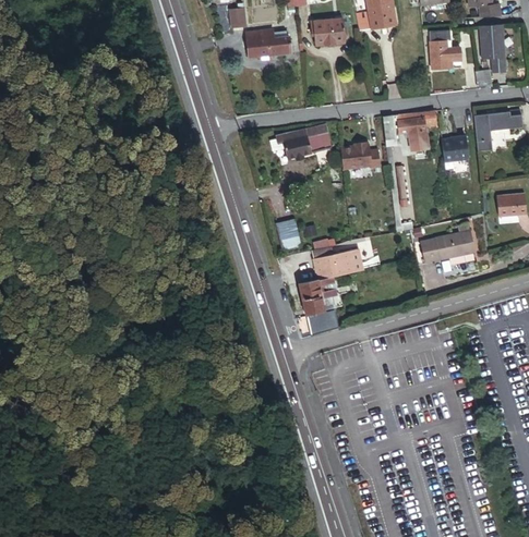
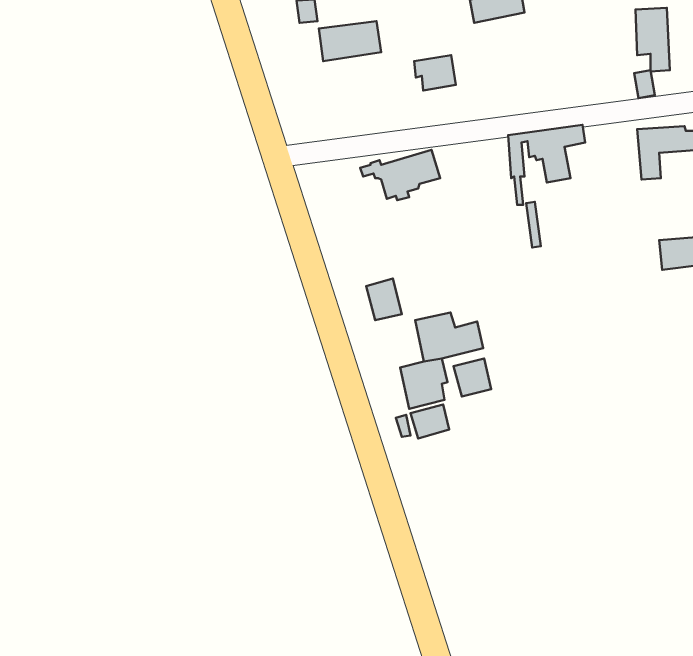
building: [311,21,341,47] -> [414,55,456,91]
building: [429,27,459,66] -> none
building: [442,134,470,161] -> none
building: [342,142,381,169] -> none
building: [420,227,472,259] -> none
building: none -> [453,358,491,396]

